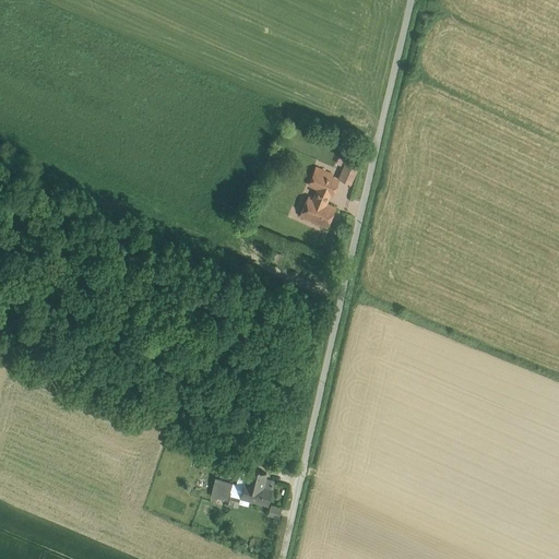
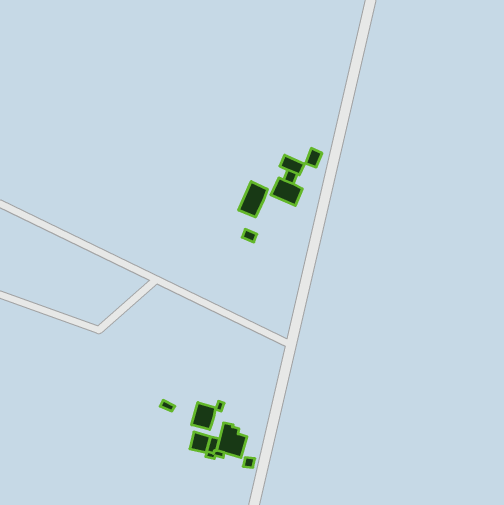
building: none -> [239,181,267,217]
building: none -> [192,402,215,430]

